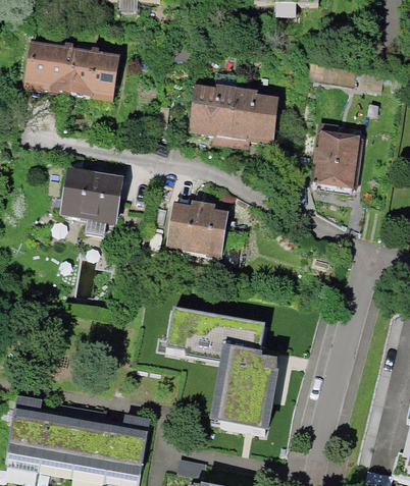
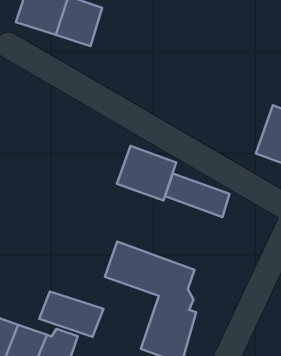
building: [190,85,279,149] -> none
building: [61,165,124,224] -> none
building: none -> [165,174,229,217]
building: none -> [39,292,104,337]

